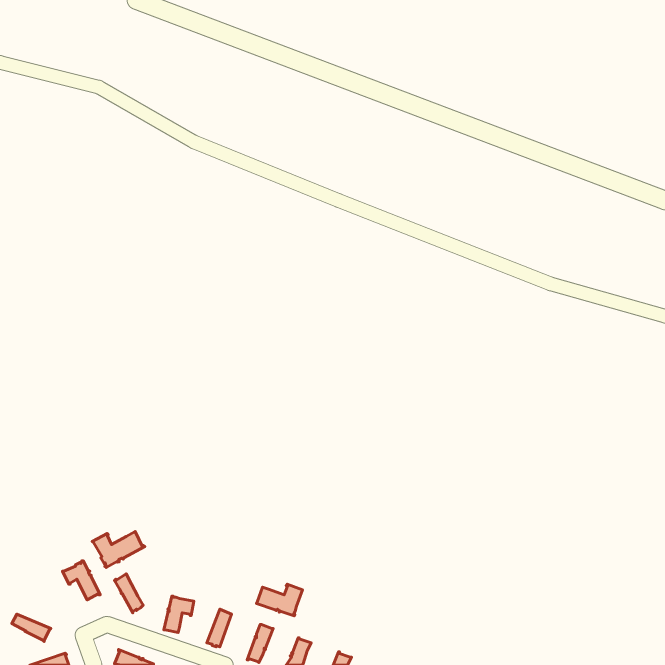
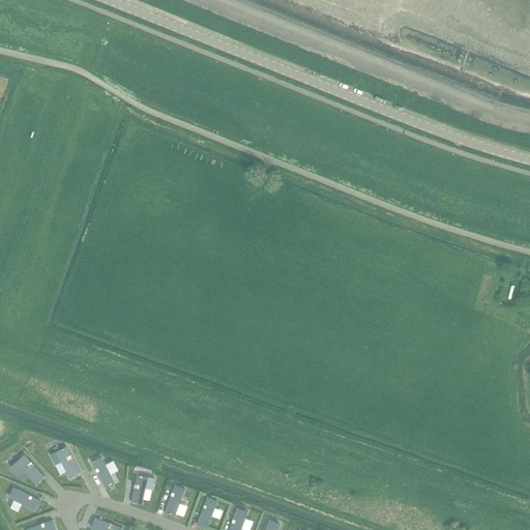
building: [92,532,145,567] -> none
building: none -> [12,455,46,485]
building: [256,584,303,616] -> none

